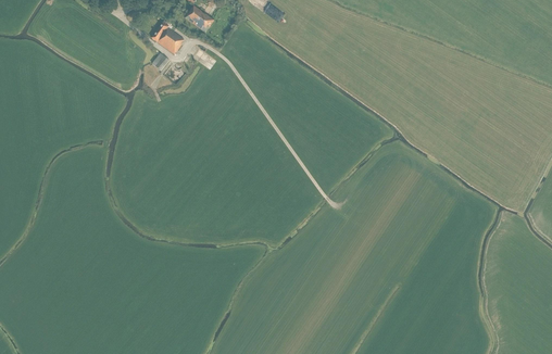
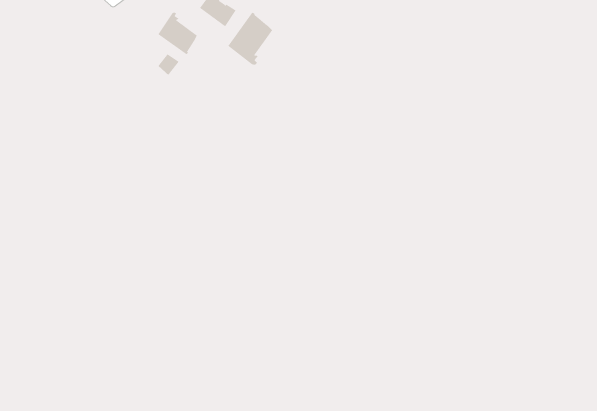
building: none -> [228,12,273,65]

